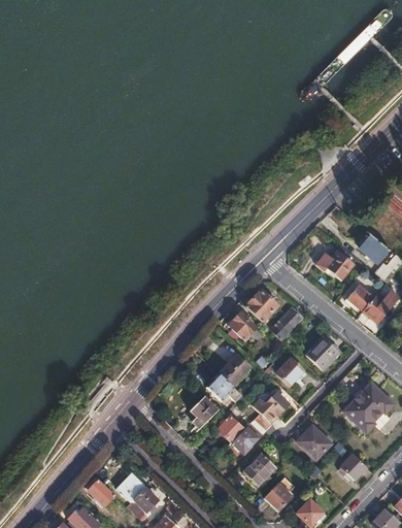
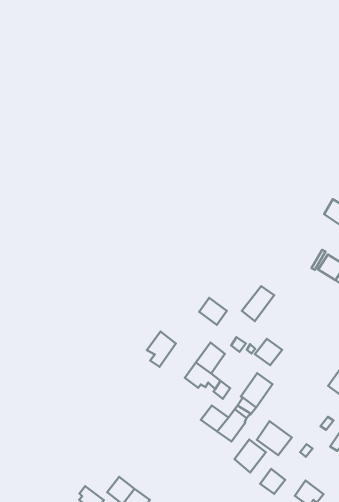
building: [315,244,365,279] -> none
building: [245,291,276,322] -> none
building: [305,337,338,369] -> none
building: [189,395,217,429] -> [147,332,176,367]
building: [297,425,331,459] -> [257,421,292,455]

